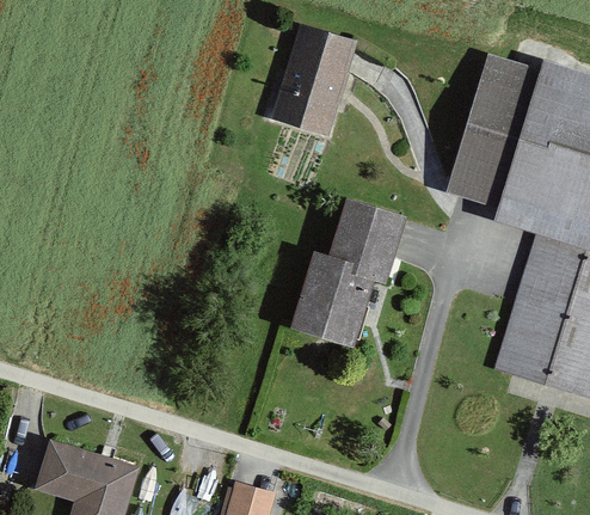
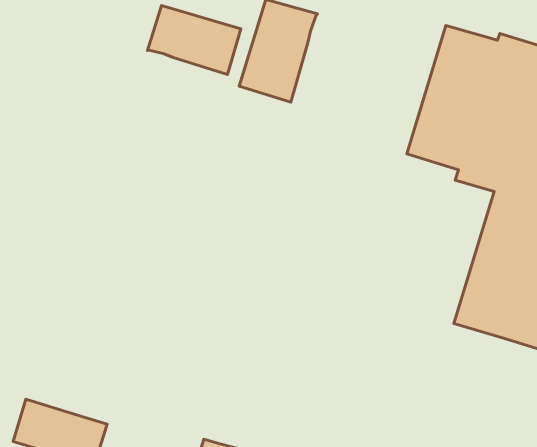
building: none -> [148,5,241,74]
building: [290,198,405,348] -> none

